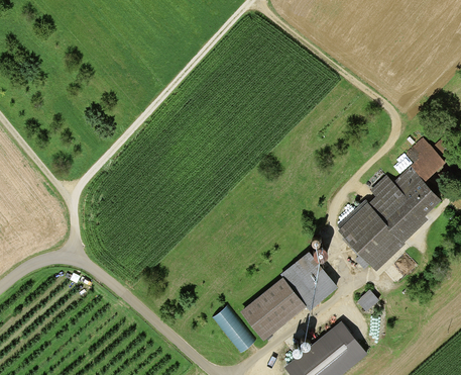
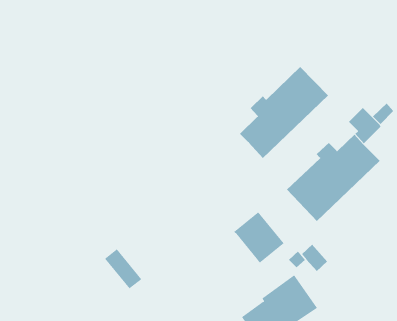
building: none -> [239,66,329,159]
building: [240,278,305,340] -> none
building: [212,308,253,353] -> [104,249,142,289]

